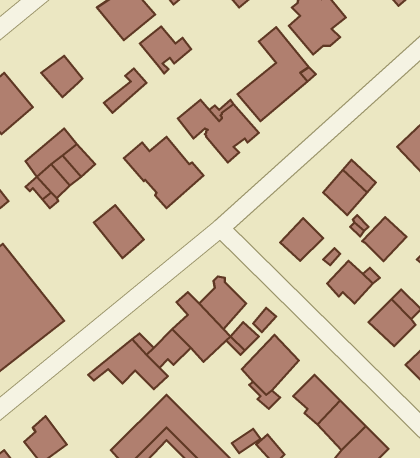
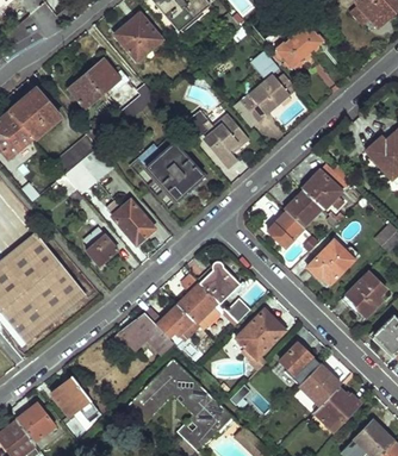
building: [140,26,191,73] -> [87,60,130,99]
building: [362,217,406,261] -> [285,188,322,225]
building: none -> [82,227,117,266]

